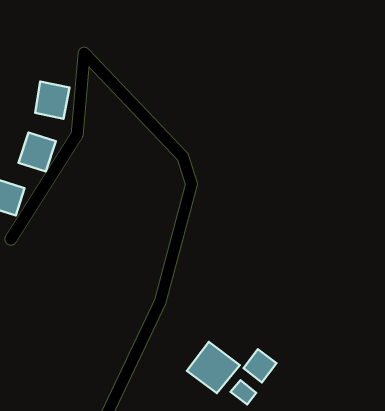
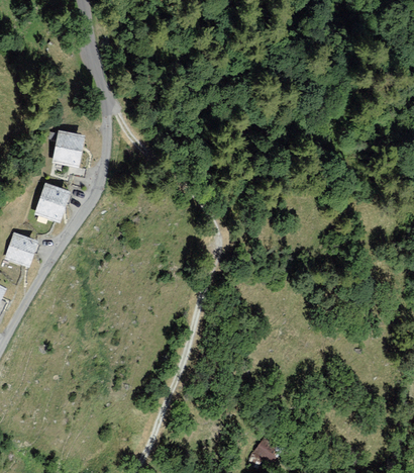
building: [187,342,240,393] -> none
building: [243,349,276,382] -> none

